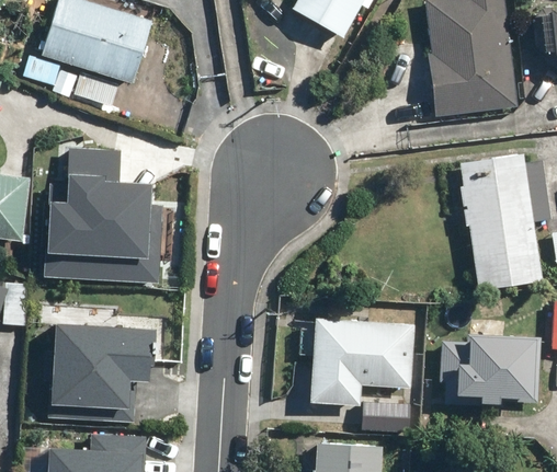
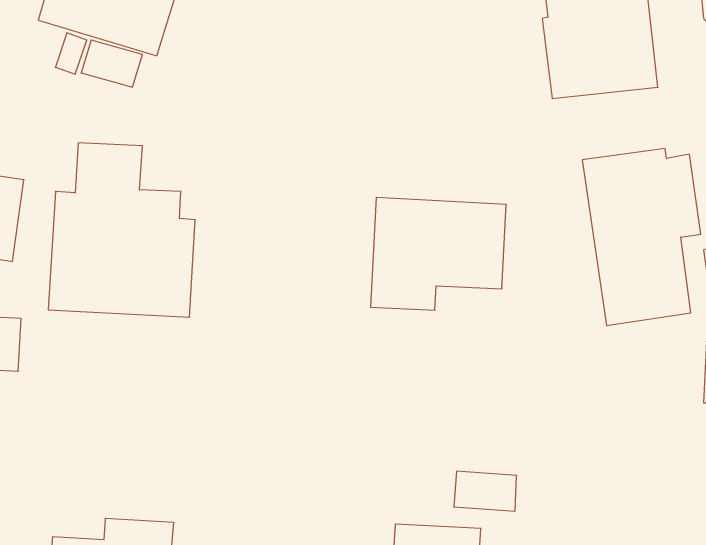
building: [309,316,413,403] -> [371,197,506,310]
building: [52,325,152,421] -> none
building: [441,336,539,403] -> none

